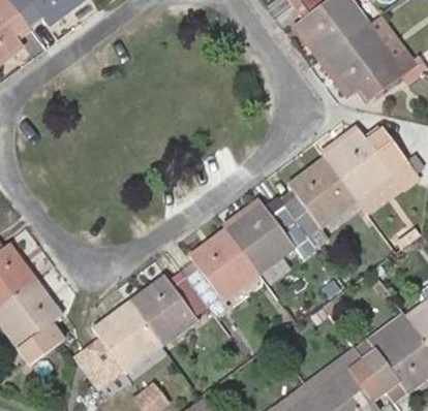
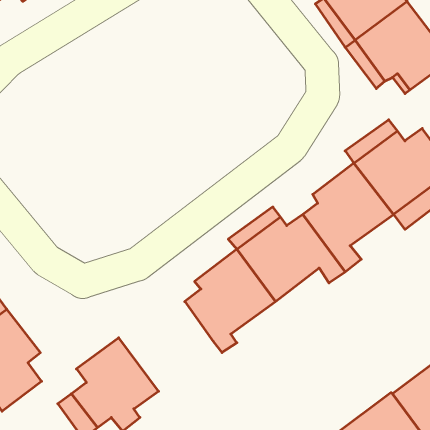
building: [128,273,207,347] -> none

